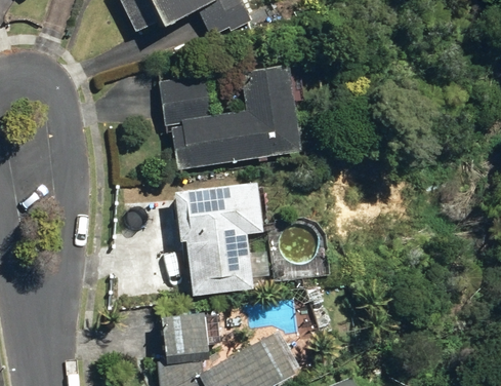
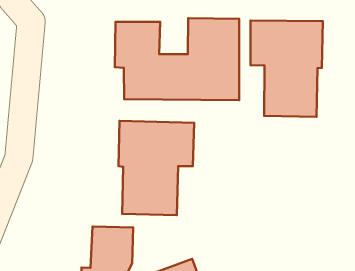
building: none -> [250,20,323,117]

